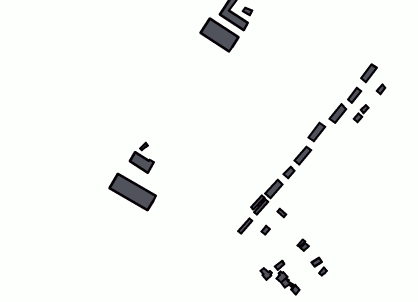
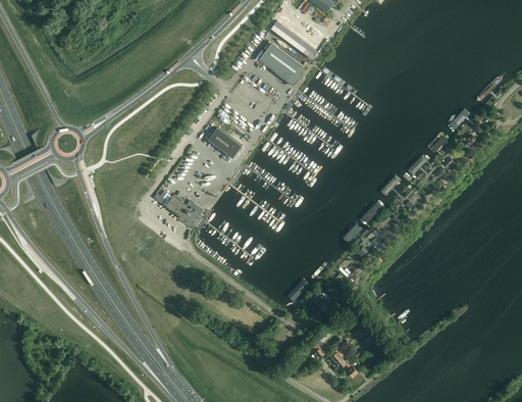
building: none -> [207,127,242,157]
building: [110,174,156,210] -> none

